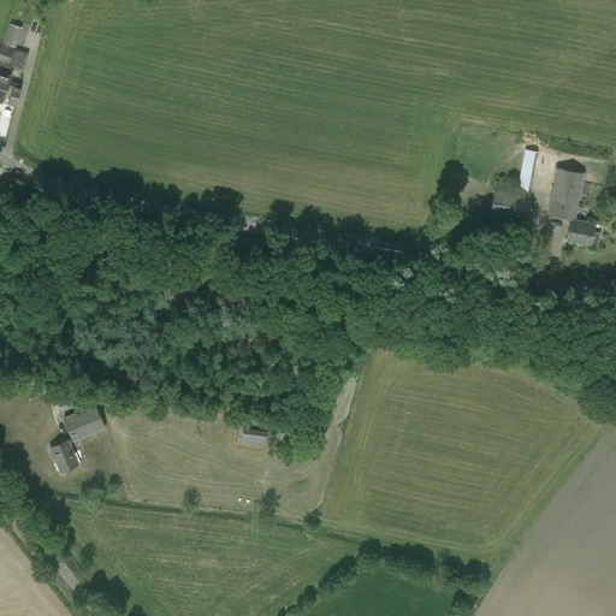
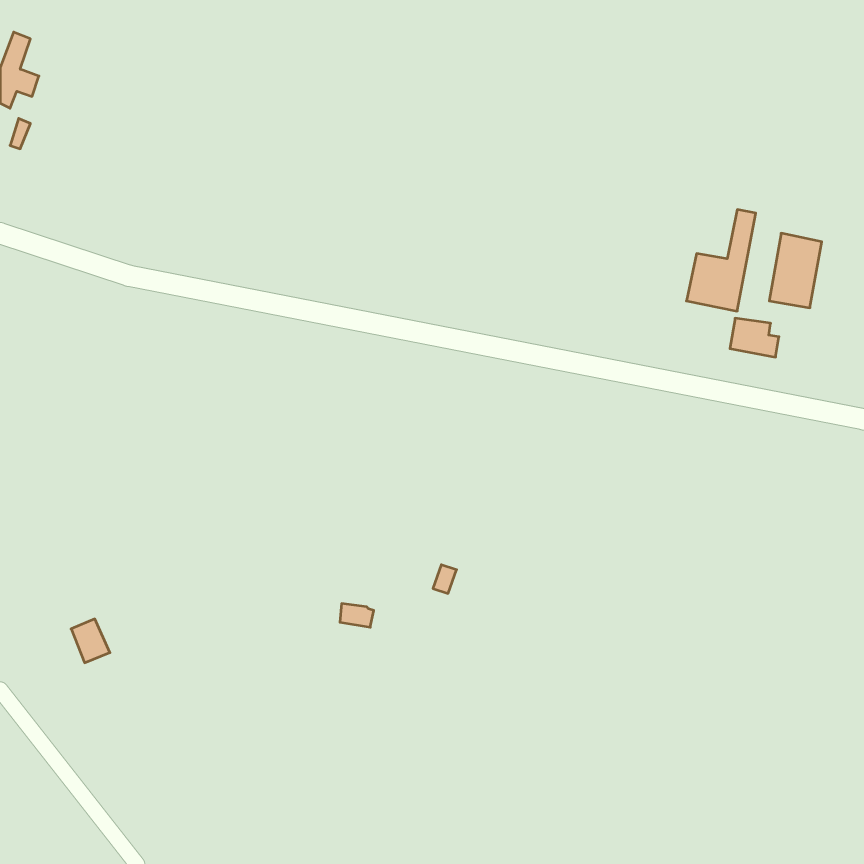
building: [565,219,600,247] -> [730,318,779,357]
building: [64,405,103,442] -> none

